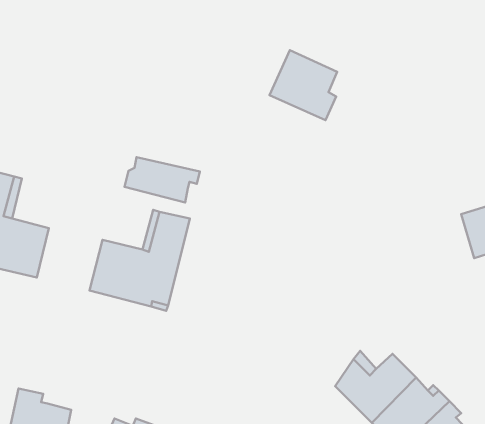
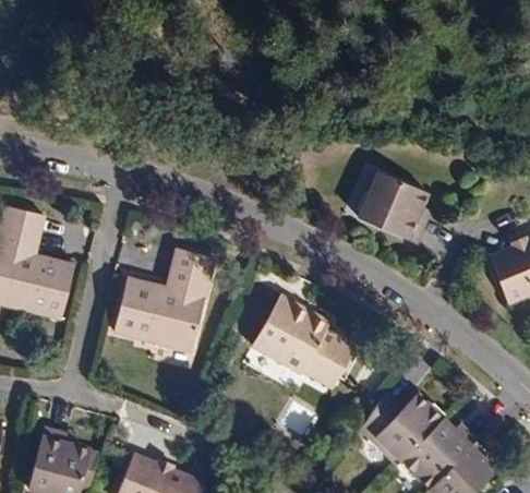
building: [269,50,337,120] -> [358,172,426,243]
building: [124,157,200,203] -> none
building: none -> [251,297,366,387]

